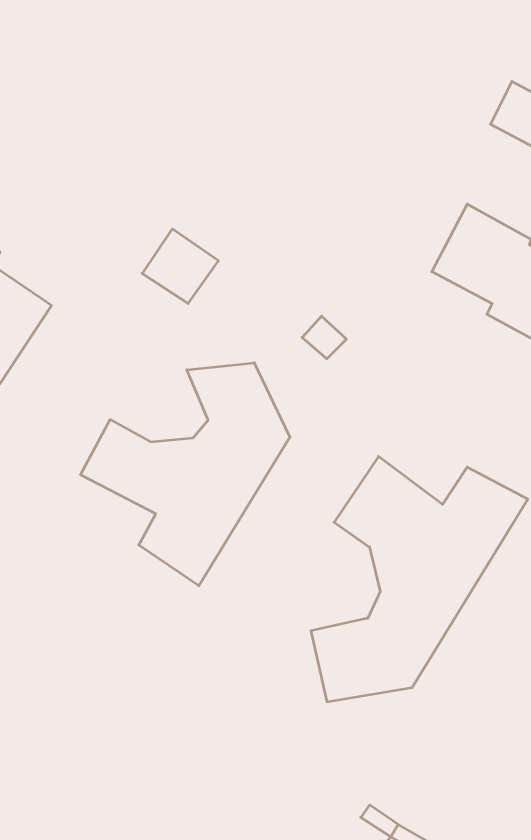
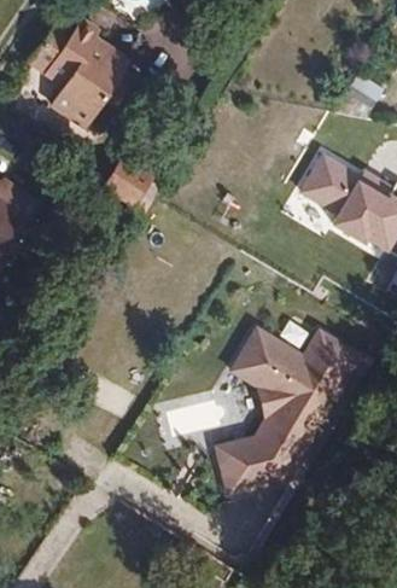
building: none -> [25,27,129,138]
building: [81,363,290,586] -> none

